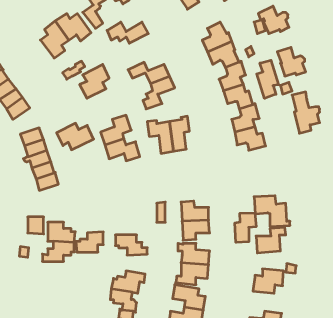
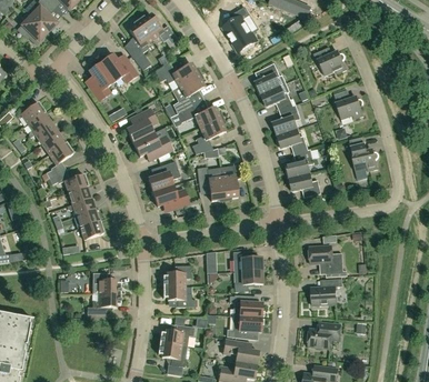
building: none -> [172,74,204,112]
building: [257,60,279,98] -> none
building: [57,123,94,150] -> [133,132,172,160]
building: [235,213,256,242] -> none
building: [76,232,103,252] -> [162,264,191,285]

